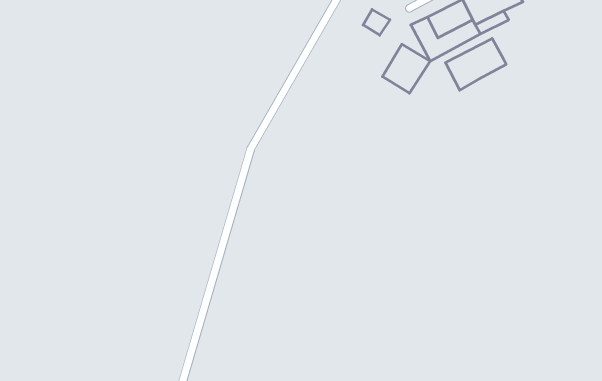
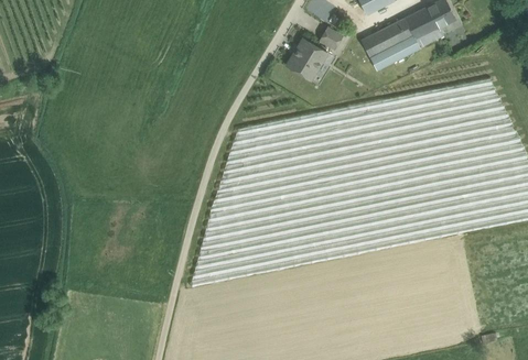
building: [445,38,506,90] -> none
building: [382,44,430,93] -> [287,39,327,80]

